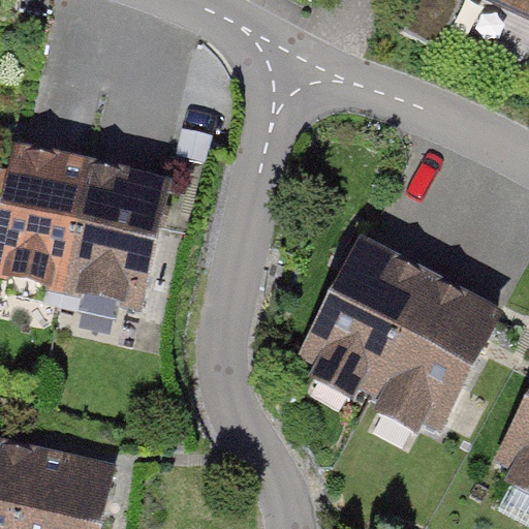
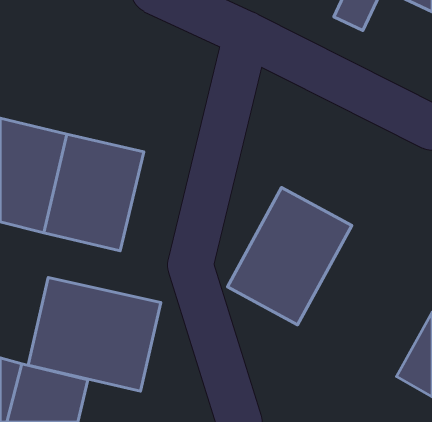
building: [364,276,517,444] -> none
building: none -> [28,278,161,391]

